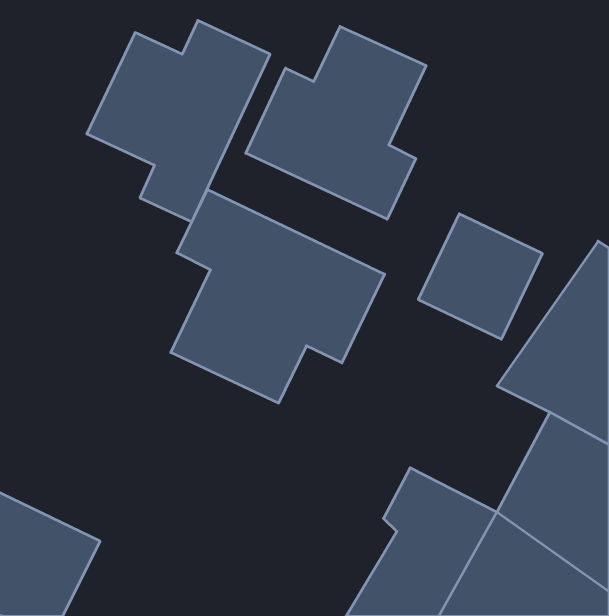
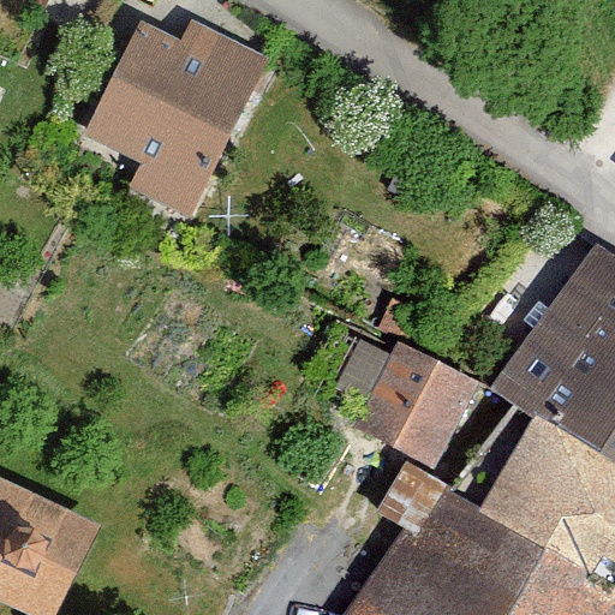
building: [246,26,426,219] -> none
building: [171,189,385,403] -> none
building: [418,214,542,339] -> [362,340,485,465]

